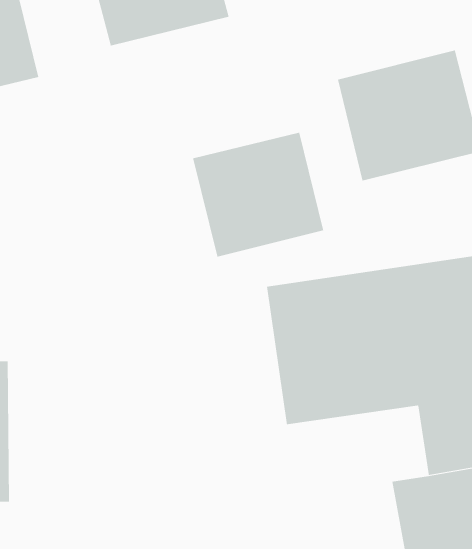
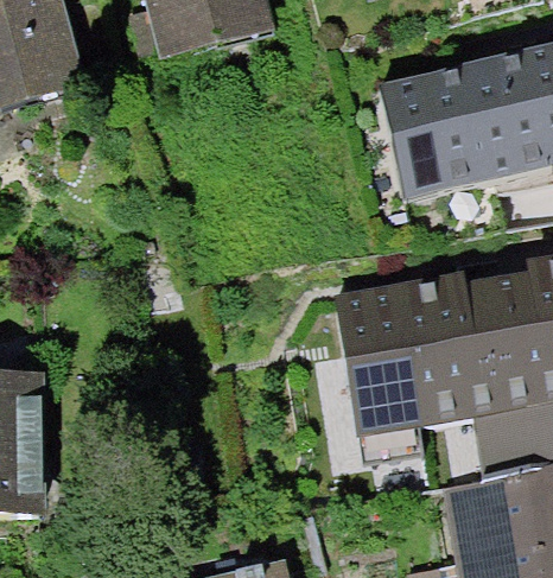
building: [193,132,324,258] -> none

